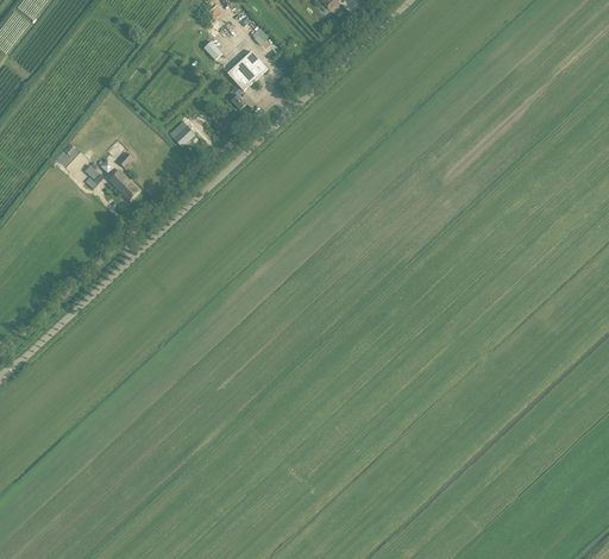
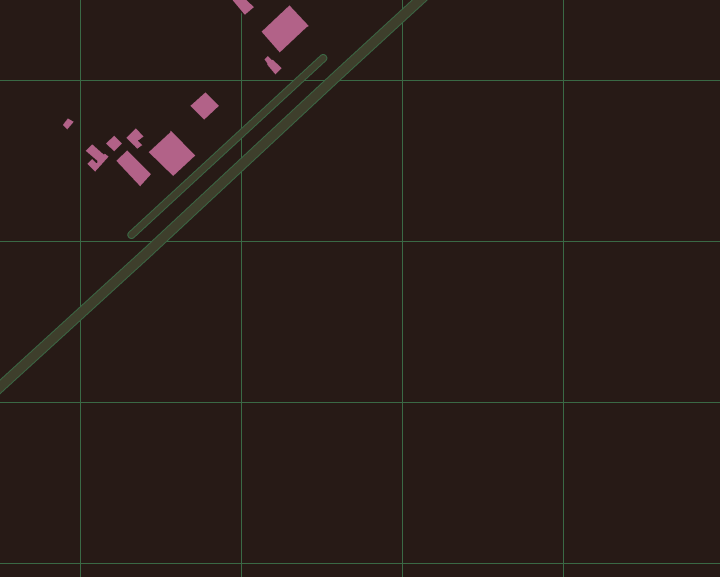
building: none -> [148,130,196,177]

